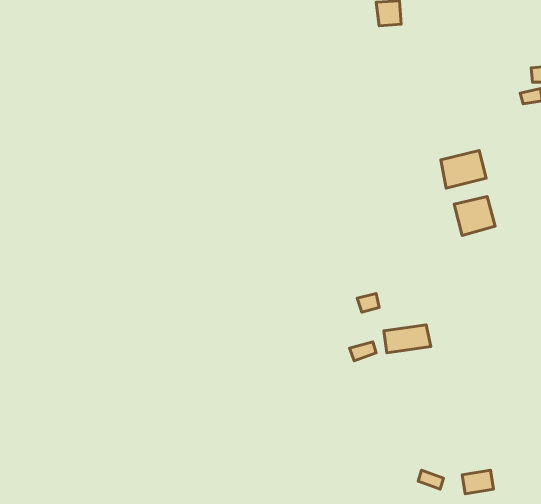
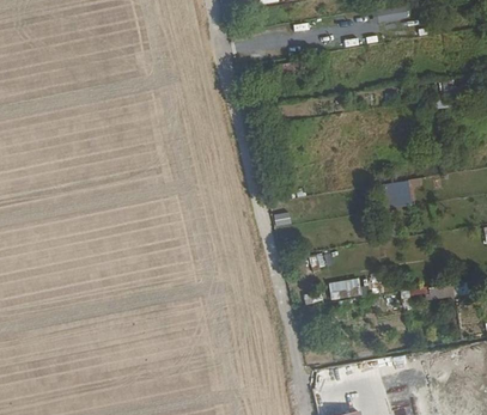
building: [441,151,486,188] -> none

